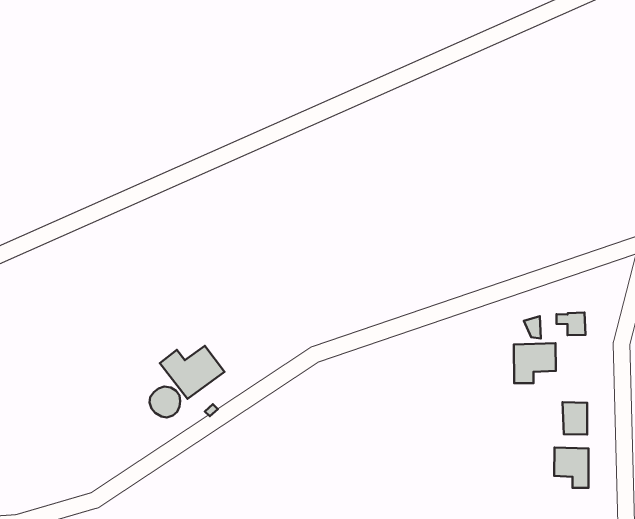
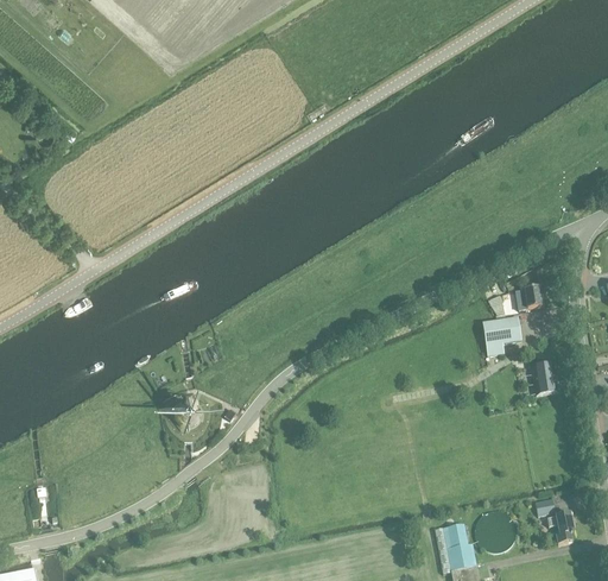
building: [160,346,224,399] -> none
building: [554,447,588,488] -> none

